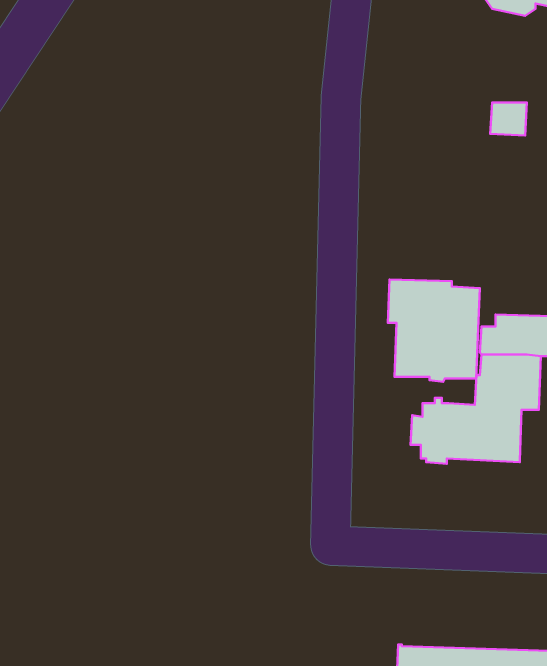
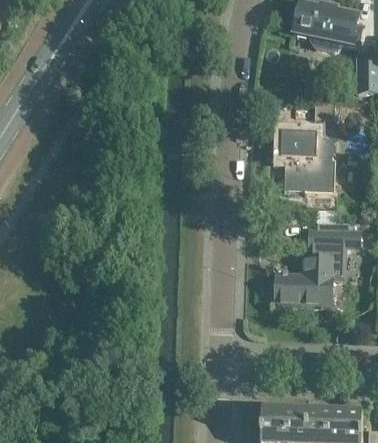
building: [388,279,480,382] -> [280,132,333,191]

